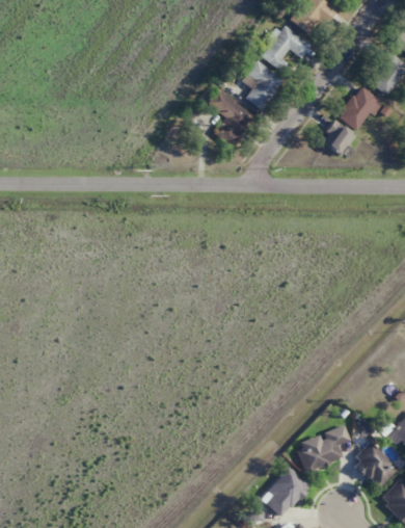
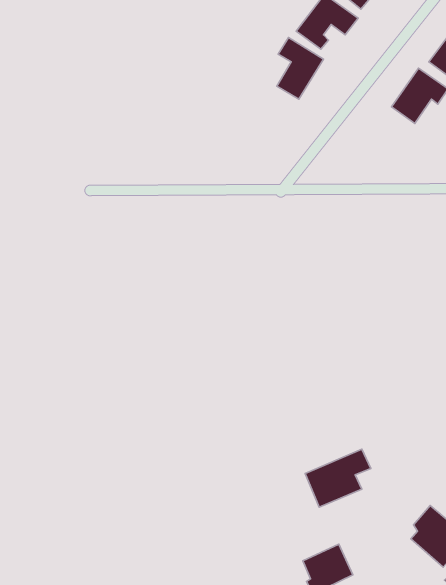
building: [211,90,255,143] -> none
building: [321,120,355,155] -> none
building: [298,424,351,471] -> [305,449,371,507]

